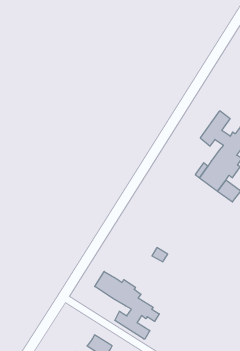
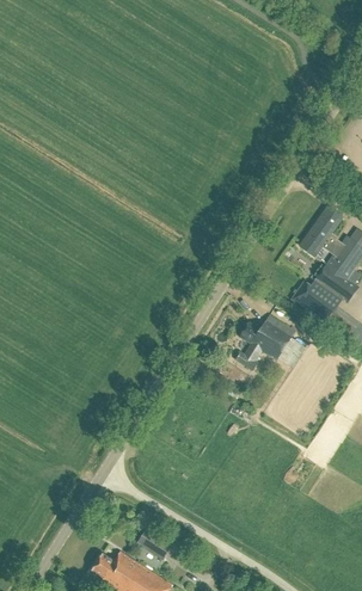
building: none -> [235,315,301,370]
building: [95,271,159,339] -> none

